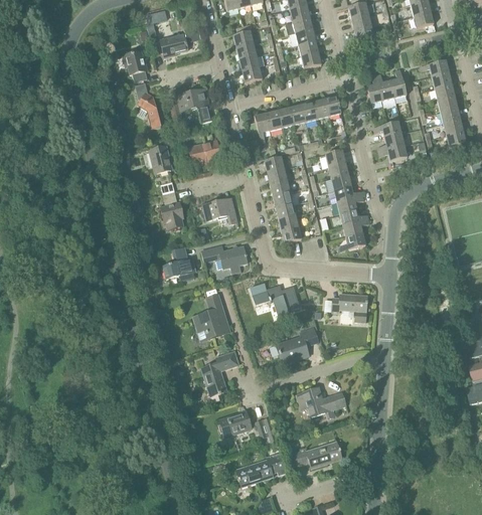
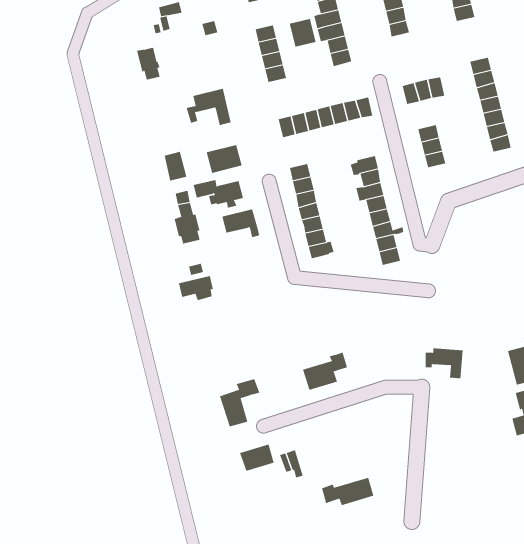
building: none -> [289,18,316,47]
building: [161,34,187,56] -> none
building: [136,81,161,128] -> none
building: [202,244,249,271] -> [193,179,244,208]
building: [251,282,300,315] -> none
building: [194,293,231,338] -> none
building: [333,293,368,321] -> [425,348,464,379]
building: [297,387,346,416] -> none
building: [230,452,288,486] -> none

